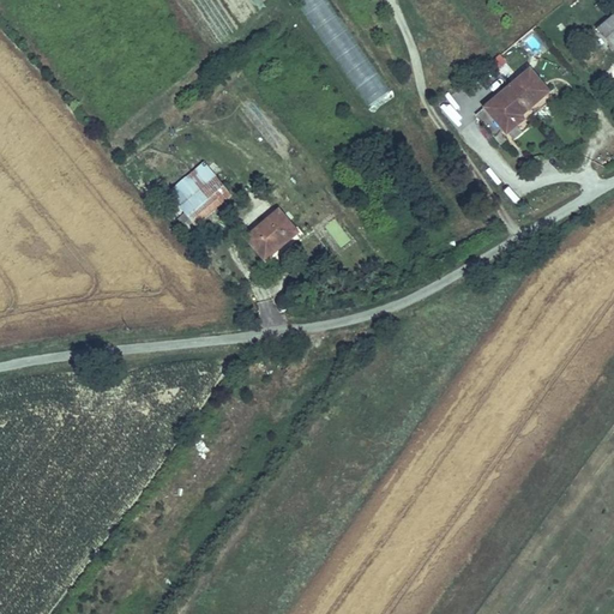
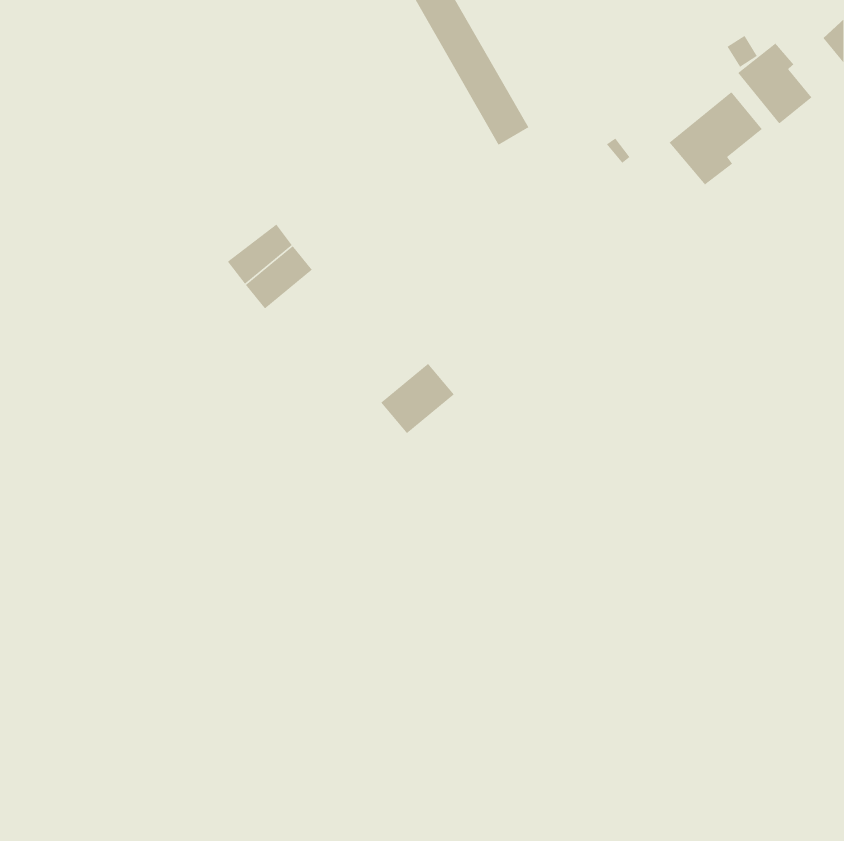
building: none -> [737,43,812,124]
building: [246,206,300,258] -> [380,363,455,434]

